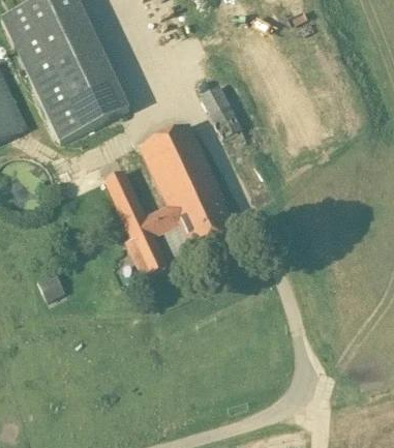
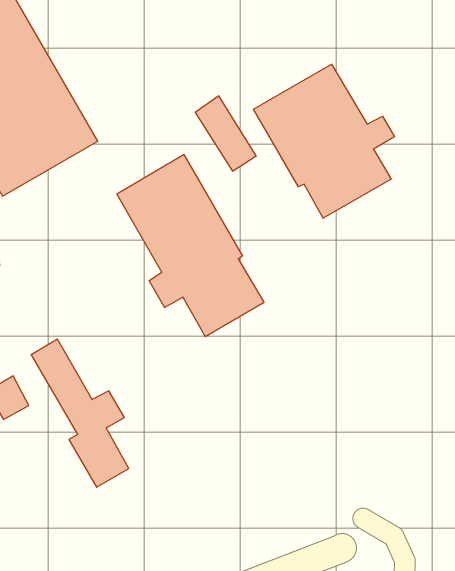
building: none -> [254,64,394,218]
building: [104,170,166,276] -> [31,339,129,487]

